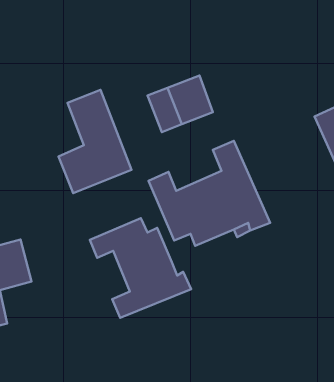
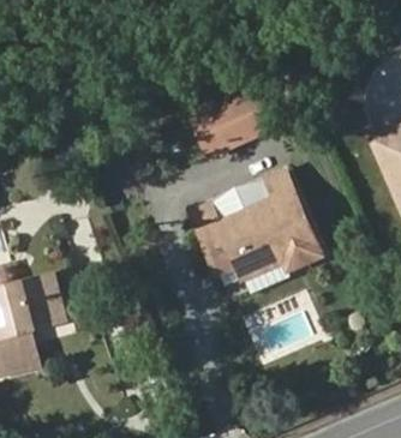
building: [58,90,131,193] -> none
building: [90,218,191,318] -> none

